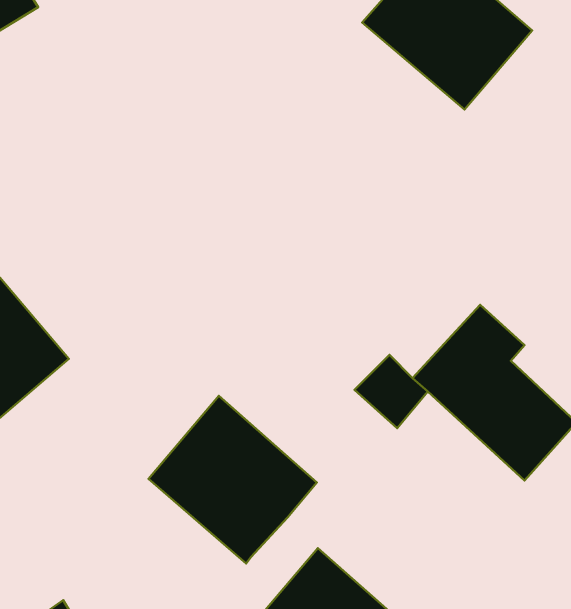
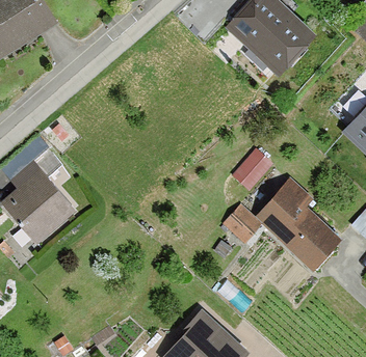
building: none -> [233,150,274,192]
building: [148,396,317,564] -> none

